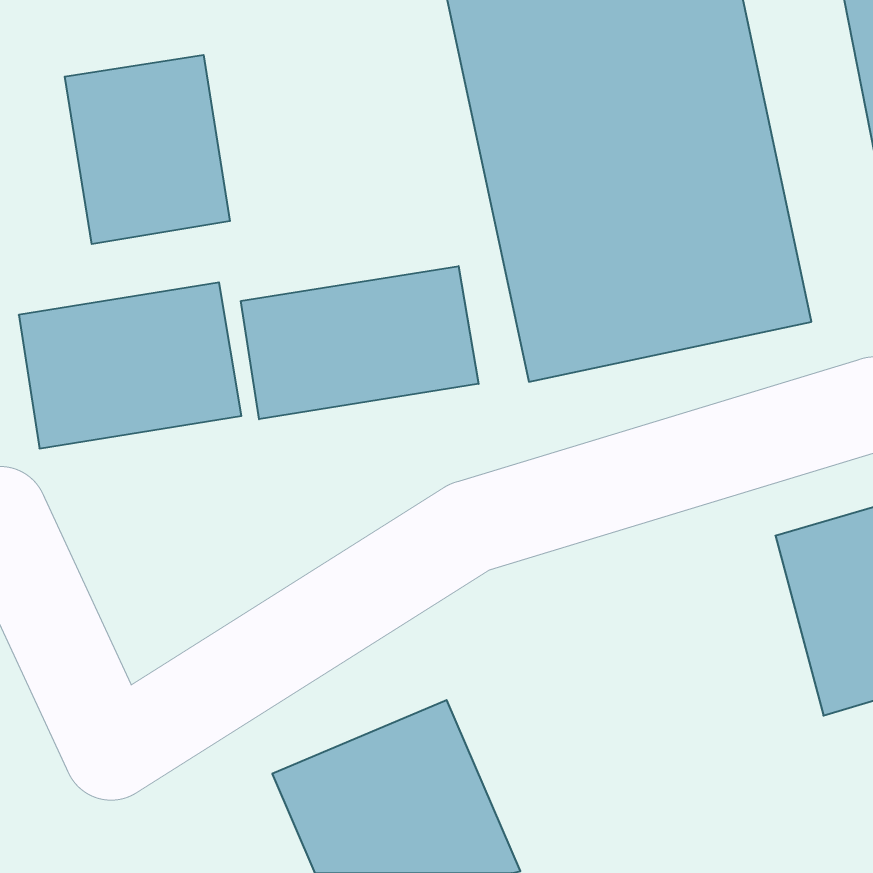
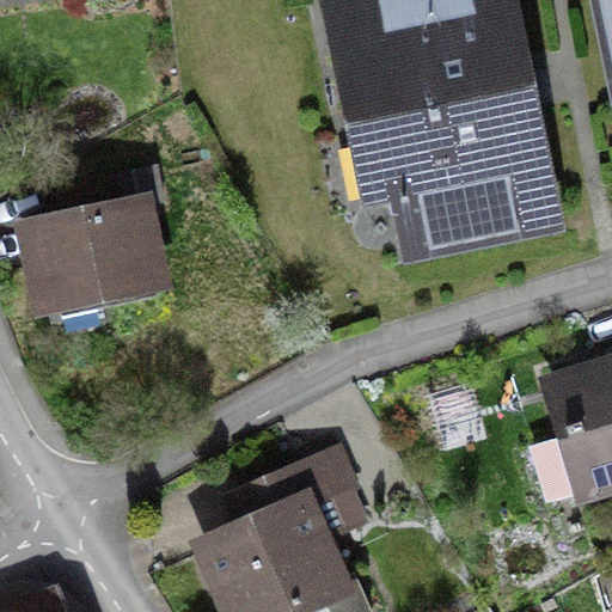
building: [65,55,230,244] -> none
building: [241,266,479,419] -> none

